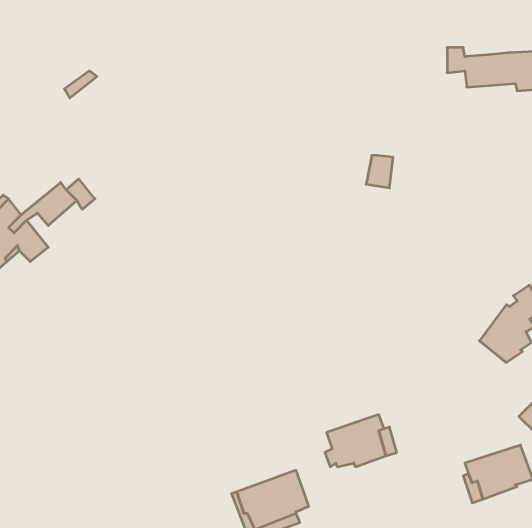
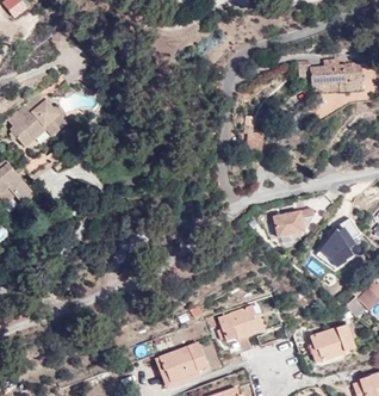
building: none -> [7,92,67,144]
building: none -> [277,208,315,243]

